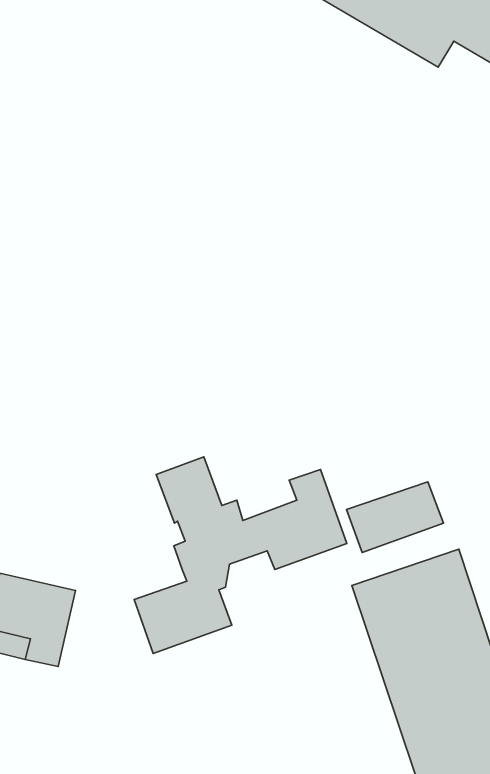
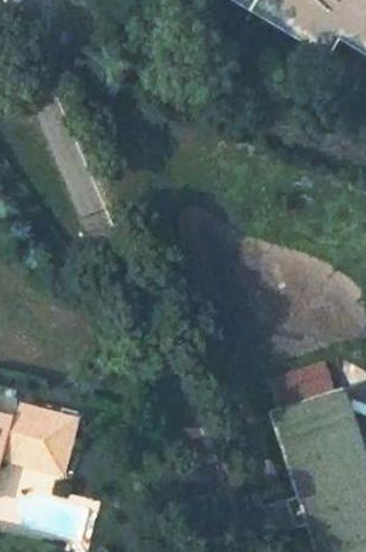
building: [134,457,347,653] -> none

